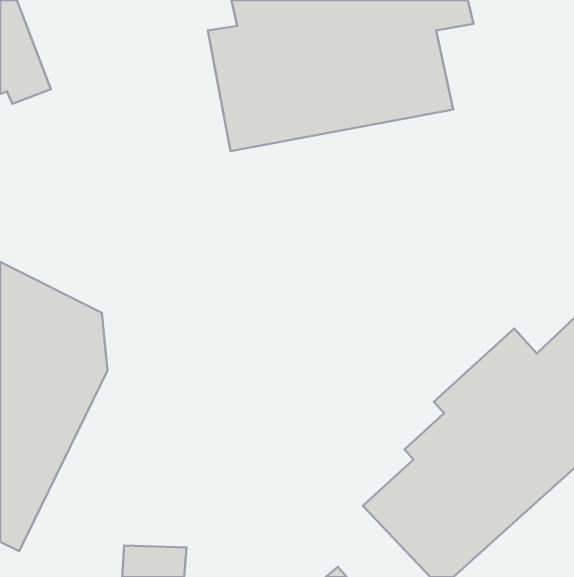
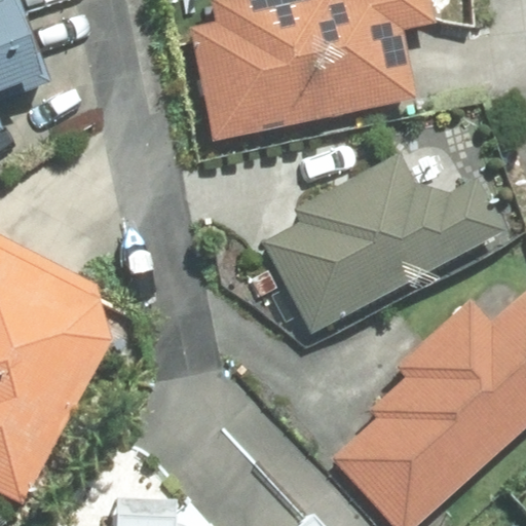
building: none -> [263,154,502,332]

